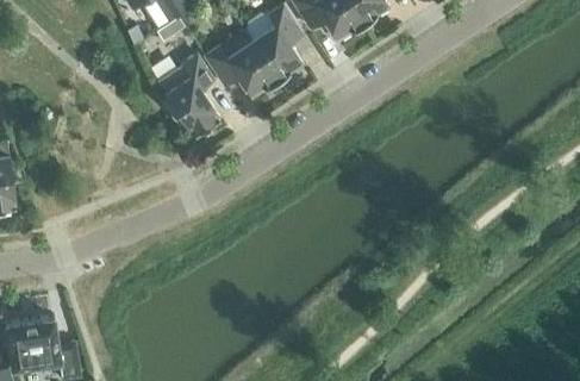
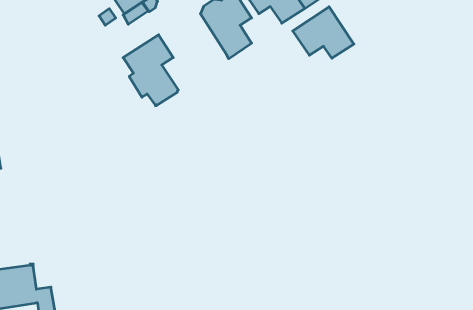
building: none -> [293,7,354,58]
building: [204,30,276,98] -> none

